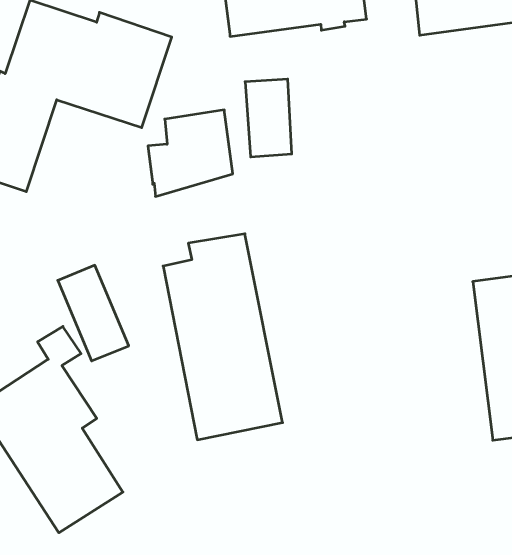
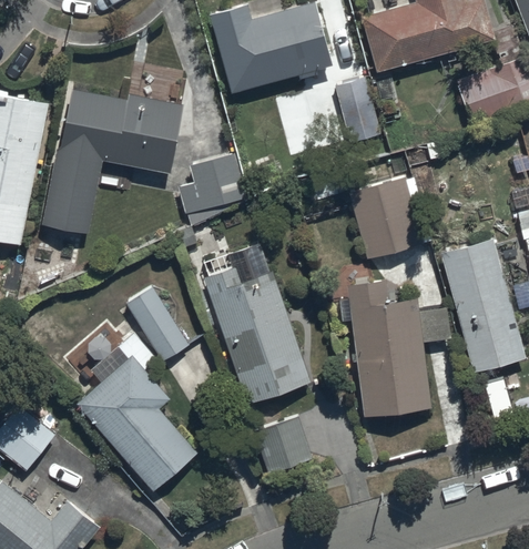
building: [245,79,292,157] -> [333,80,376,143]
building: none -> [349,176,429,260]
building: none -> [336,282,447,418]
building: none -> [257,410,312,468]

